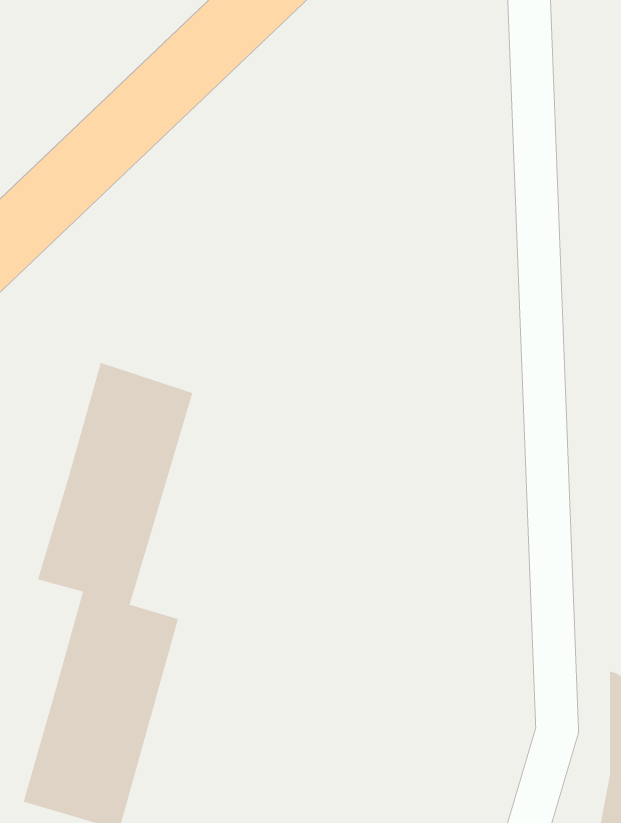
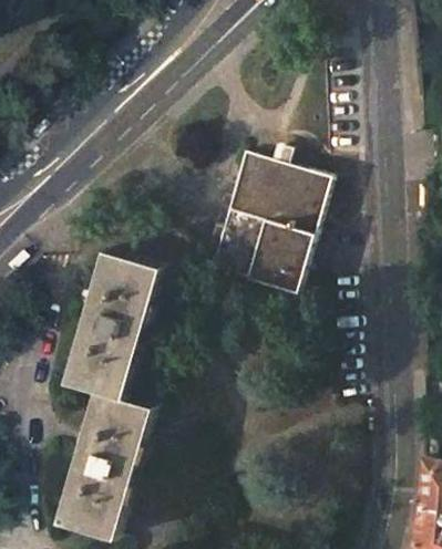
building: none -> [205,149,325,294]

